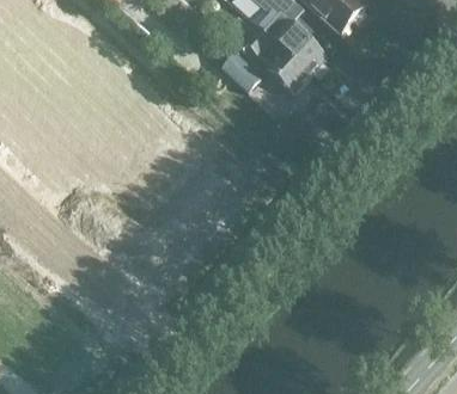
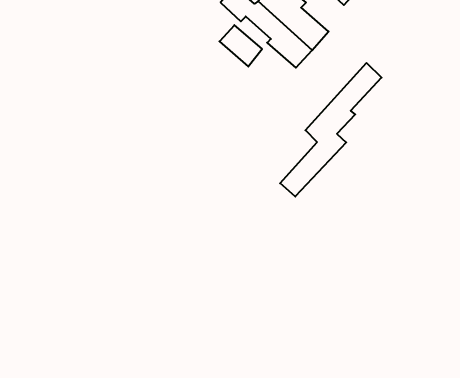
building: none -> [280,63,382,197]

